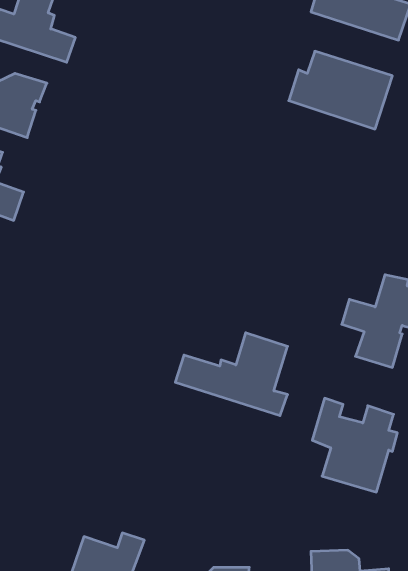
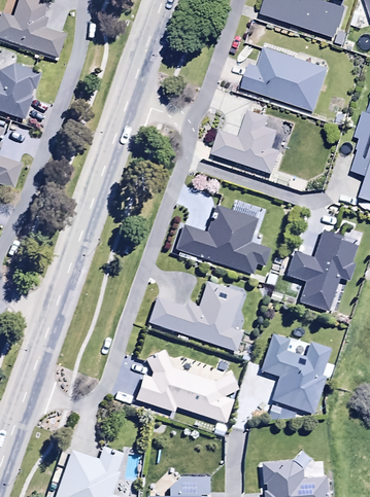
building: none -> [212,111,281,174]
building: none -> [177,205,270,273]
building: none -> [136,351,238,423]

